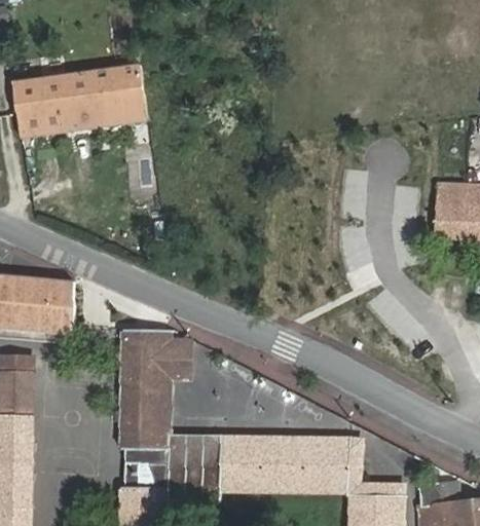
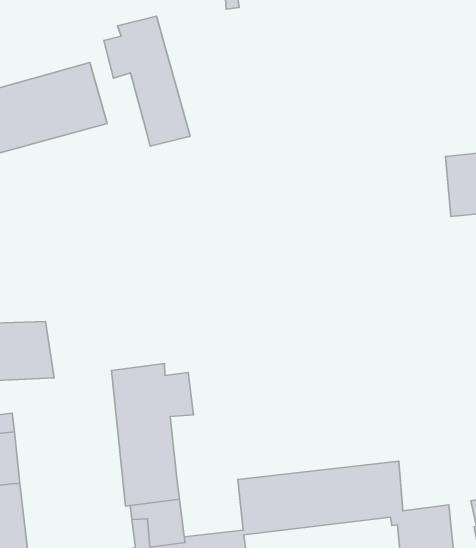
building: none -> [104,16,190,146]
building: [168,434,220,483] -> none

